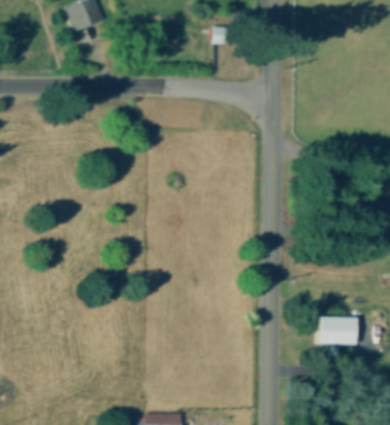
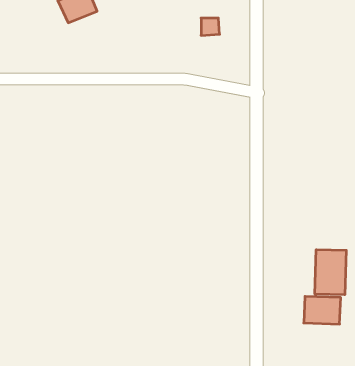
building: none -> [315,250,346,295]

